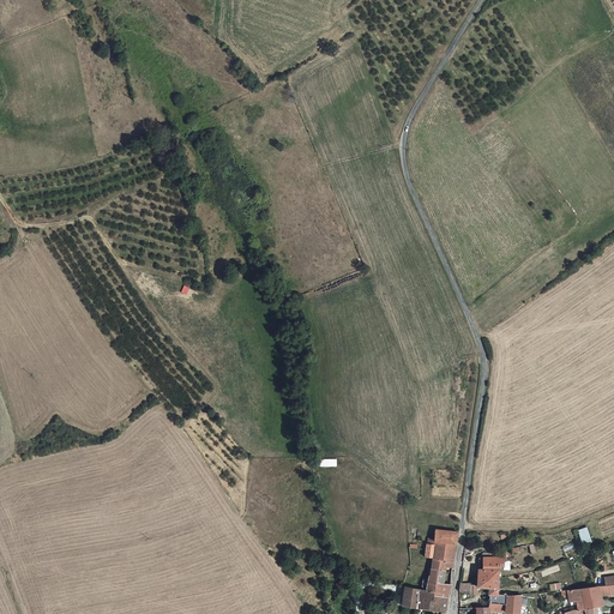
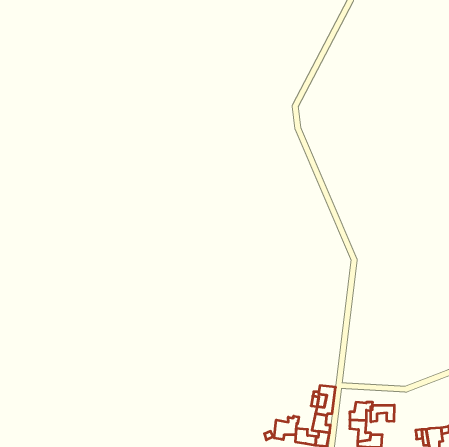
building: none -> [371,405,394,422]
building: none -> [274,416,299,440]

